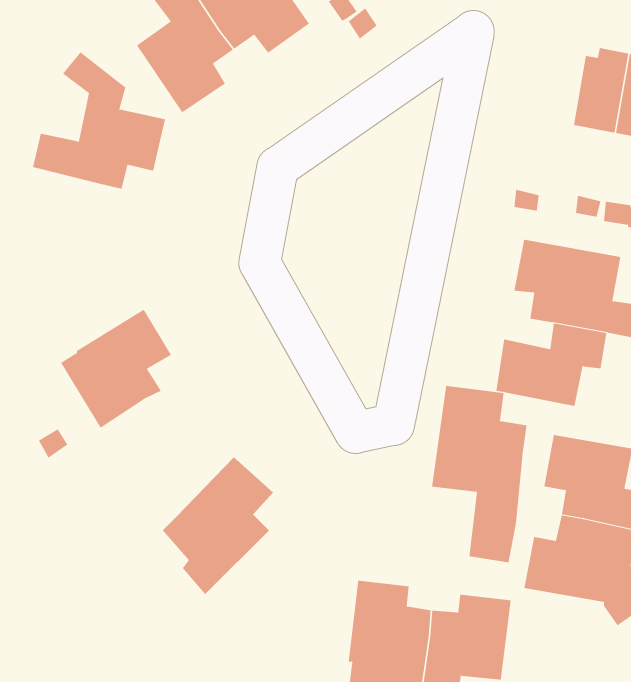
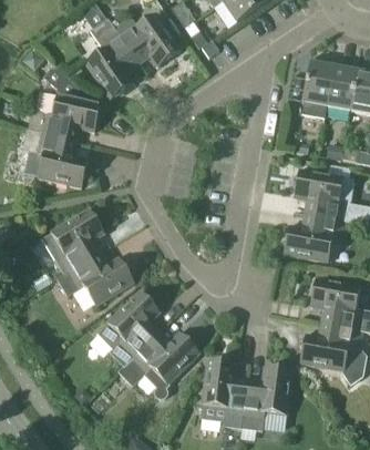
building: none -> [301,57,333,117]
building: none -> [21,130,88,186]
building: [431,385,527,563] -> none
building: none -> [56,253,134,305]
building: none -> [119,330,199,398]

